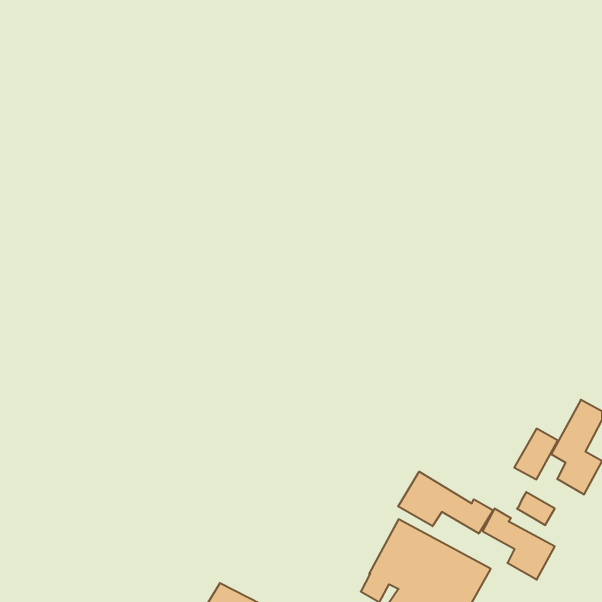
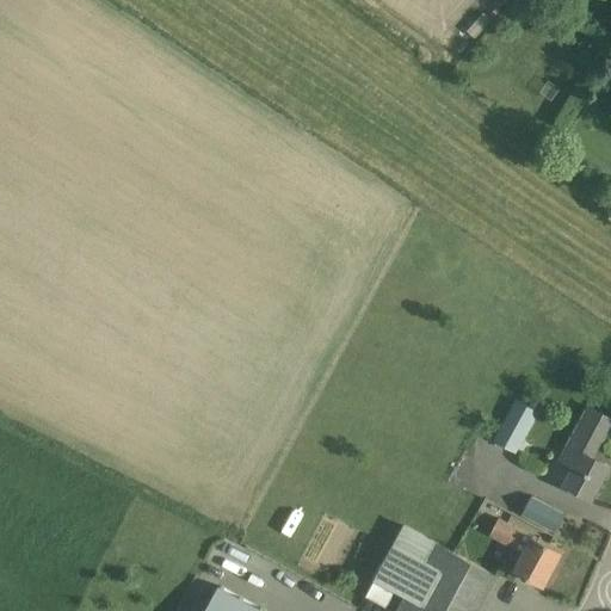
building: [514,429,558,479] -> [490,403,535,455]
building: [398,472,493,534] -> none

